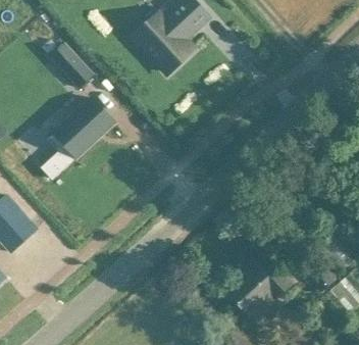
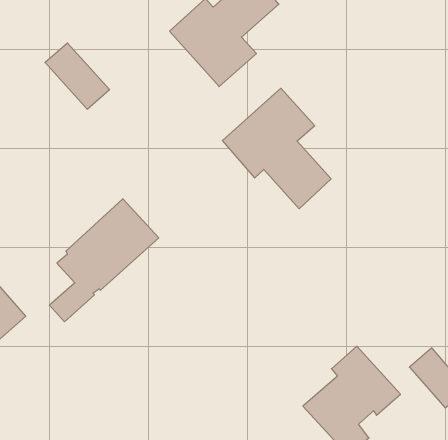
building: none -> [222,88,331,209]
building: [42,94,116,178] -> [49,199,159,322]

